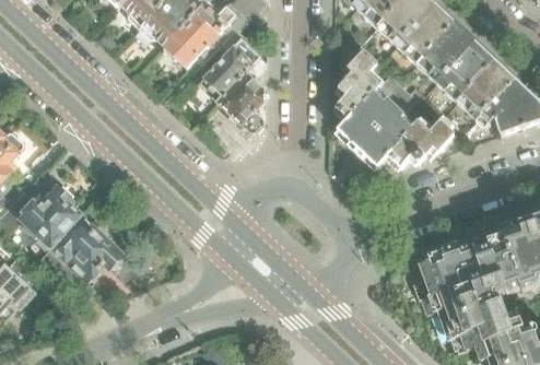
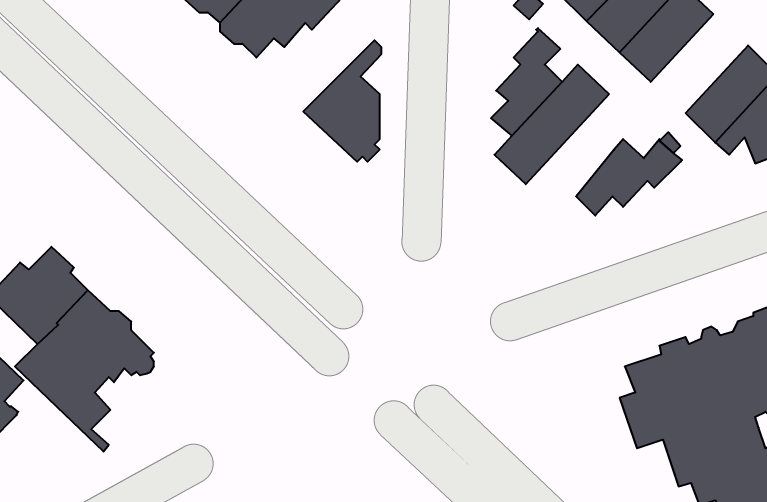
building: [203,35,260,93] -> none
building: [434,39,495,102] -> none
building: [355,90,414,165] -> none

